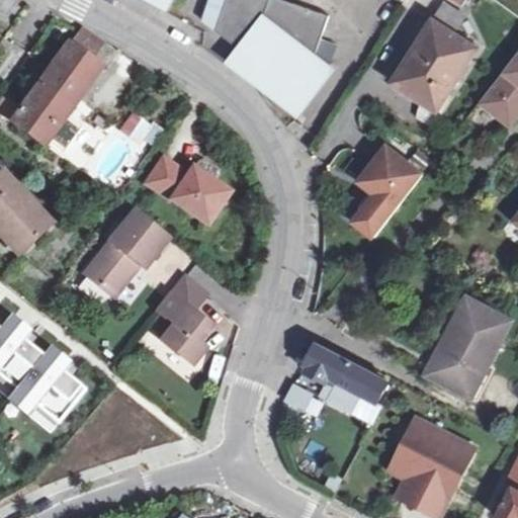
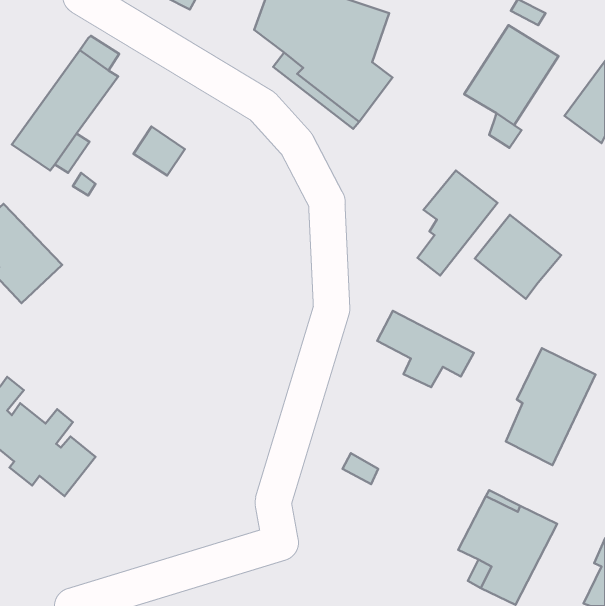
building: [147,159,230,226] -> none
building: none -> [475,215,561,299]
building: [85,212,171,299] -> none
building: [159,279,212,367] -> none
building: [305,343,386,408] -> [377,311,474,387]

